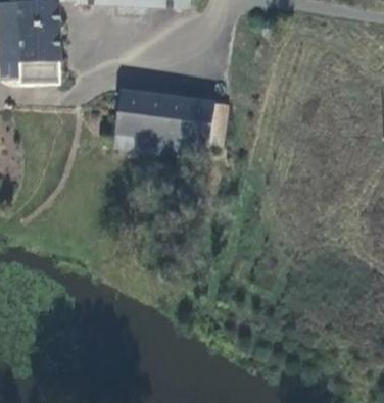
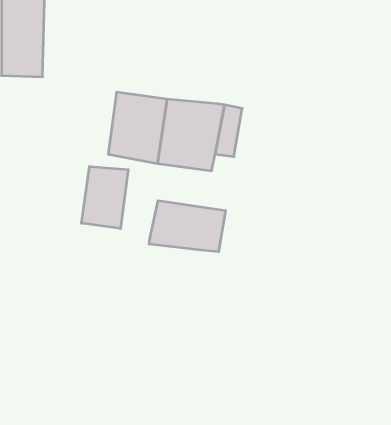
building: none -> [81,166,128,229]
building: none -> [149,201,225,252]

